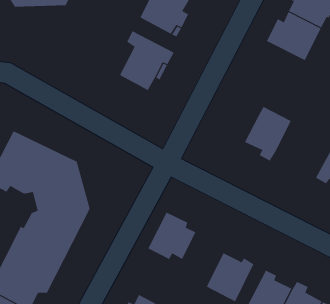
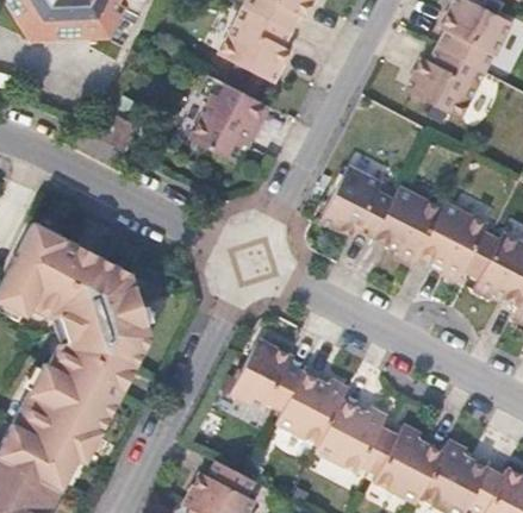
building: none -> [319,164,392,237]
building: none -> [418,202,486,281]
building: none -> [275,369,348,443]

